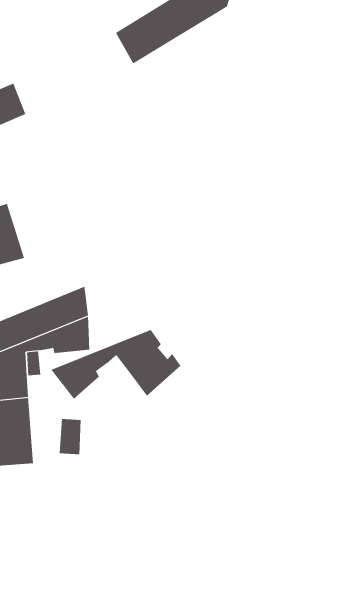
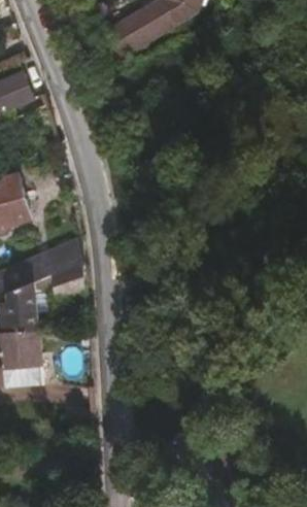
building: [51,329,181,399] -> none

